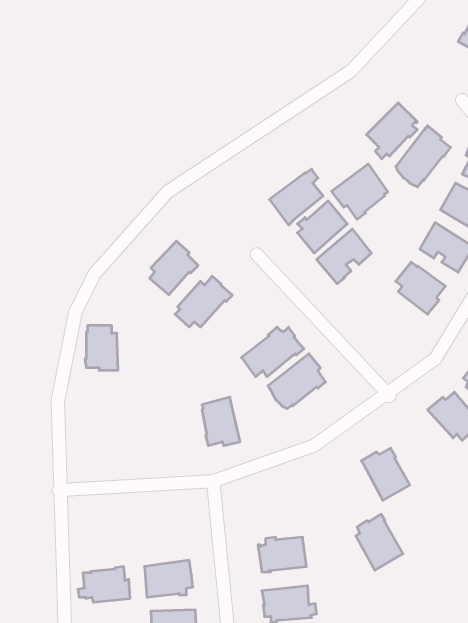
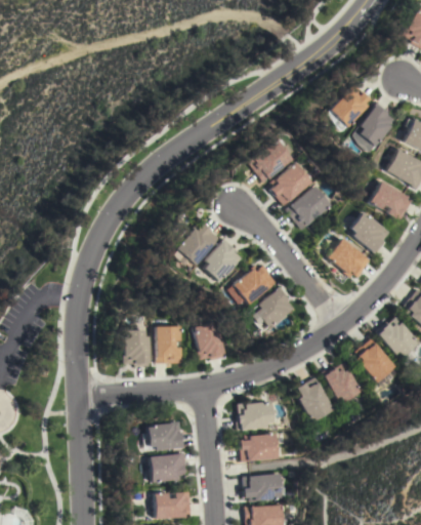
building: [332,164,388,219] -> none
building: [150,241,198,295] -> [203,239,242,282]
building: none -> [327,238,371,278]
building: [85,326,118,370] -> [124,330,151,366]
building: none -> [156,326,182,363]
building: none -> [355,339,395,382]
building: none -> [237,401,273,431]
building: [356,514,403,570] -> [296,377,334,422]
building: [78,567,130,602] -> [142,421,184,450]

